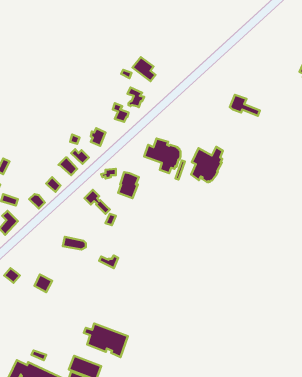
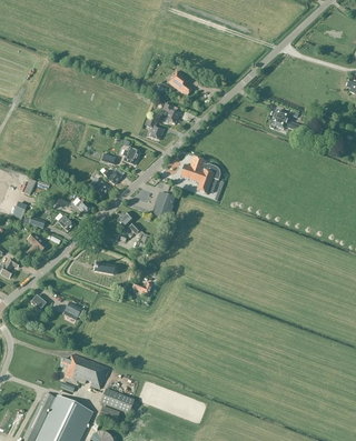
building: [191,147,223,182] -> none
building: [84,324,128,357] -> [61,353,108,389]

